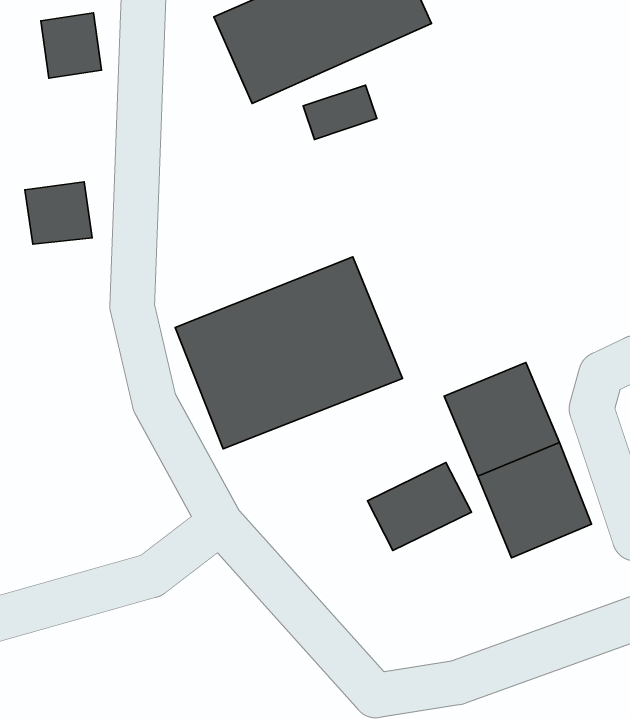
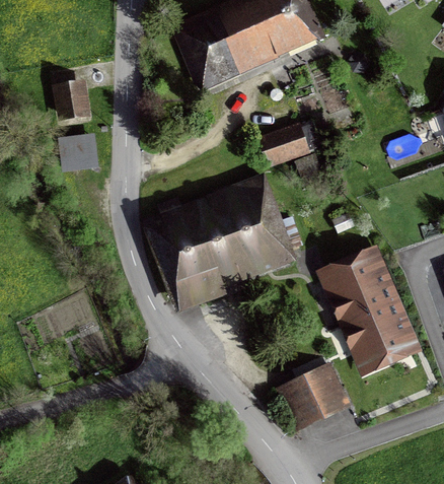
building: [41,13,102,78] -> [54,79,92,121]
building: [303,85,377,139] -> [260,133,306,167]
building: [367,462,471,550] -> [283,368,349,424]

